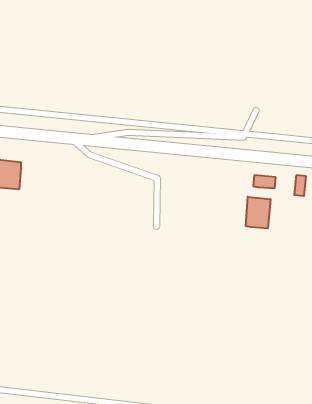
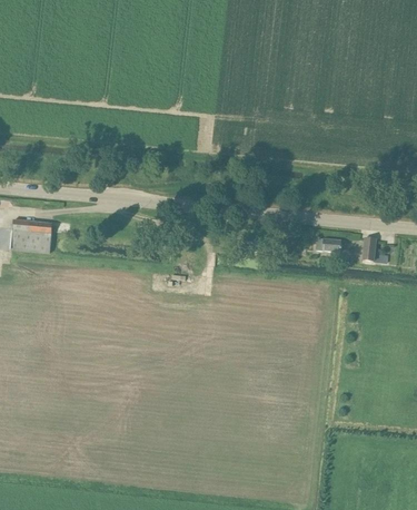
building: [246,197,270,228] -> none

